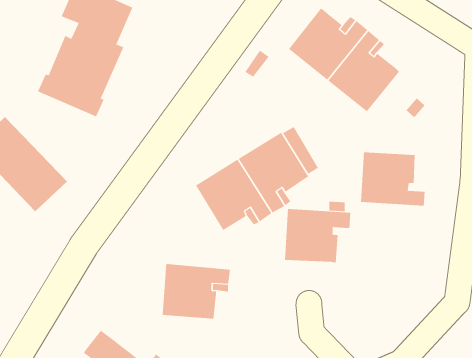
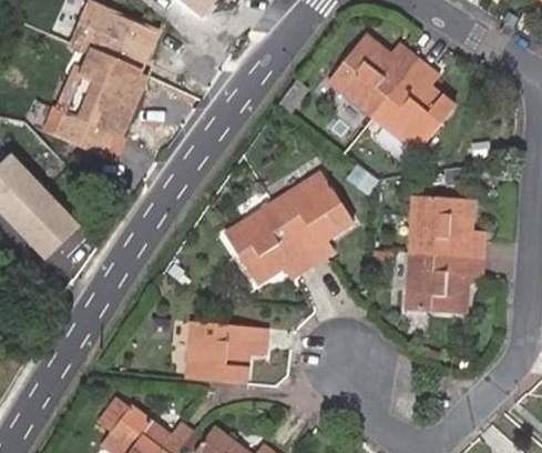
building: [284,209,351,263] -> [407,252,482,313]

